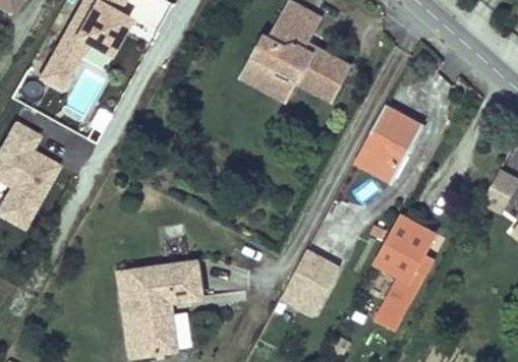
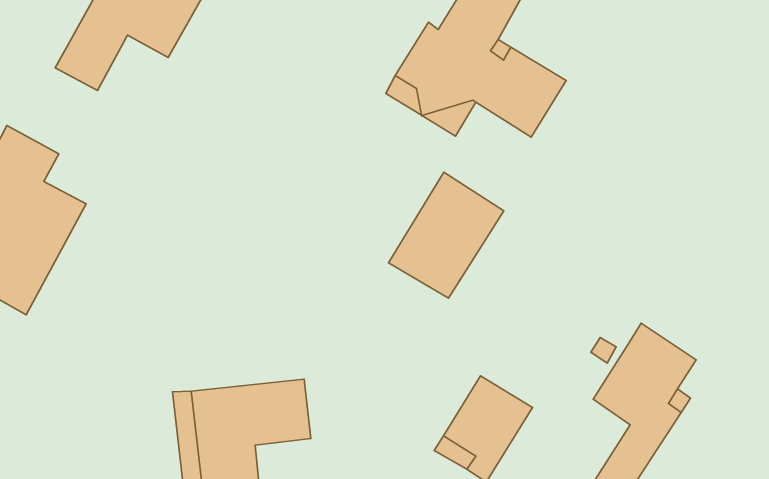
building: [355,106,423,182] -> [388,172,504,298]

